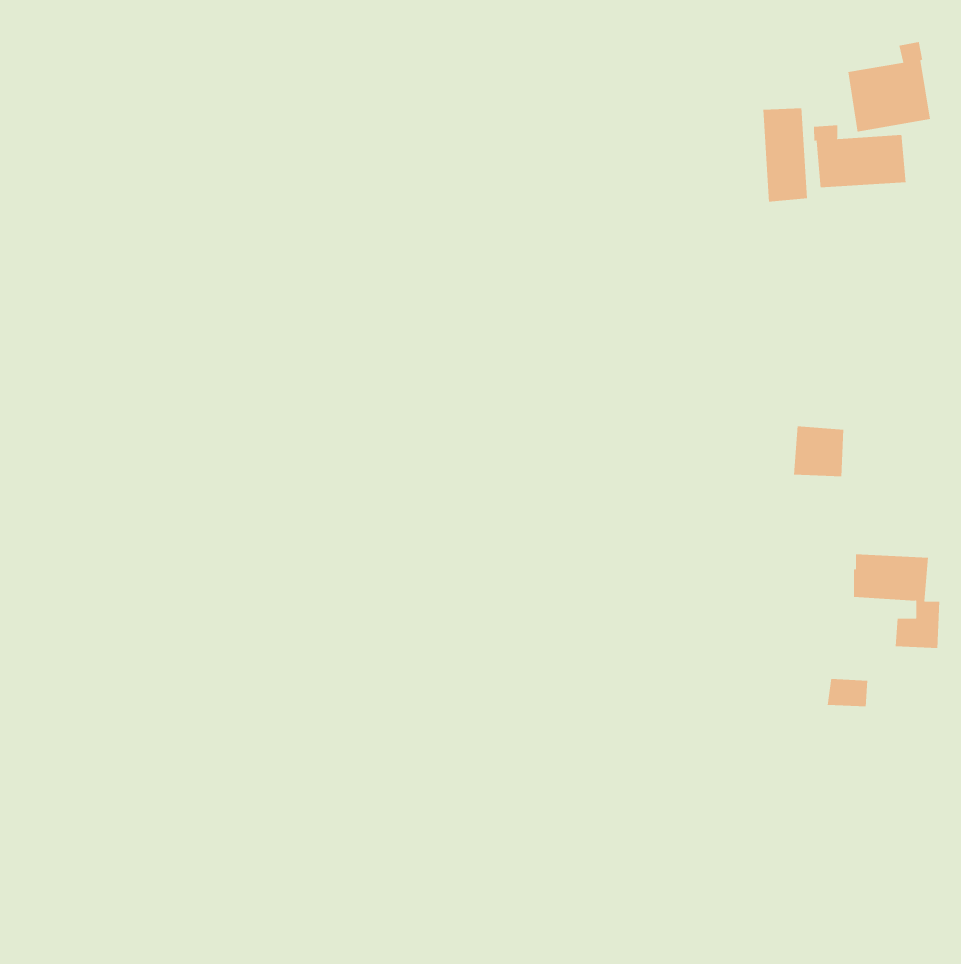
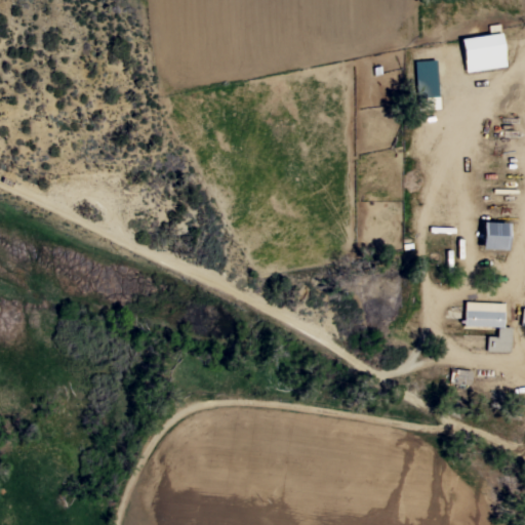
building: [813,125,906,188] -> none
building: [793,426,844,477] -> [482,221,510,249]

